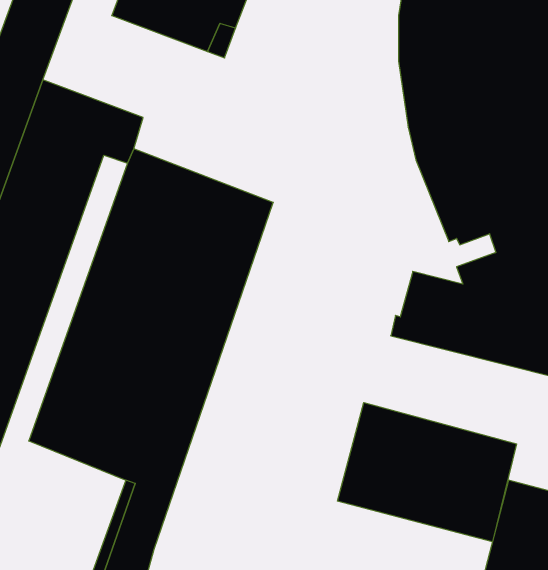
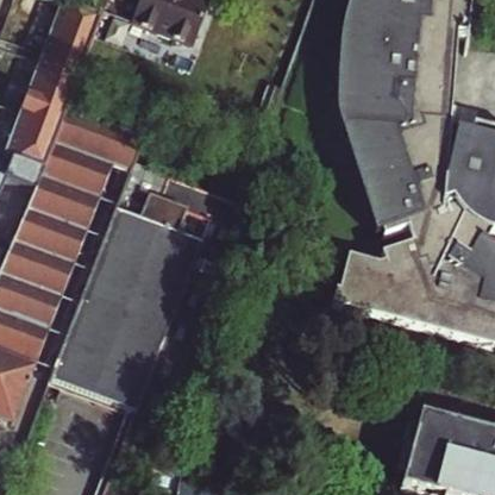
building: [337,403,517,542] -> none

